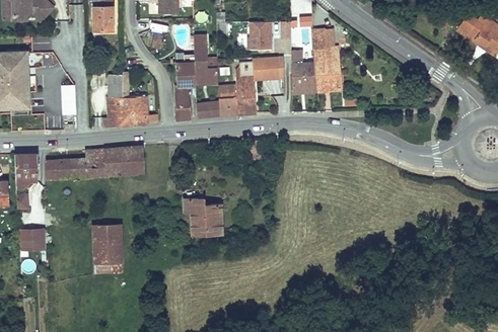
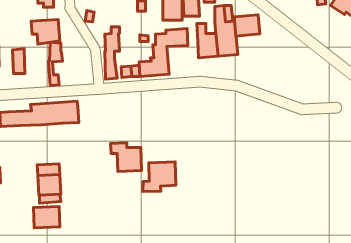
building: [194,35,218,85] -> none
building: none -> [234,15,260,36]
building: [112,97,147,128] -> [31,20,60,44]
building: none -> [143,162,176,192]
building: none -> [33,206,60,228]

